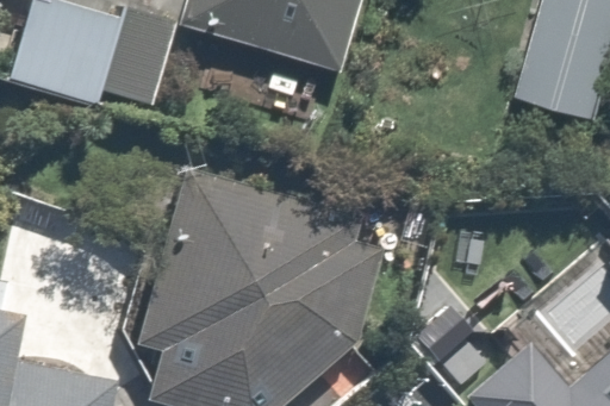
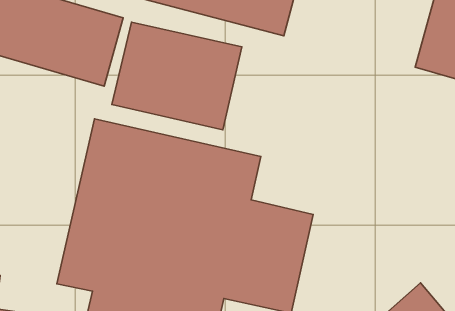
building: none -> [112,22,242,130]

